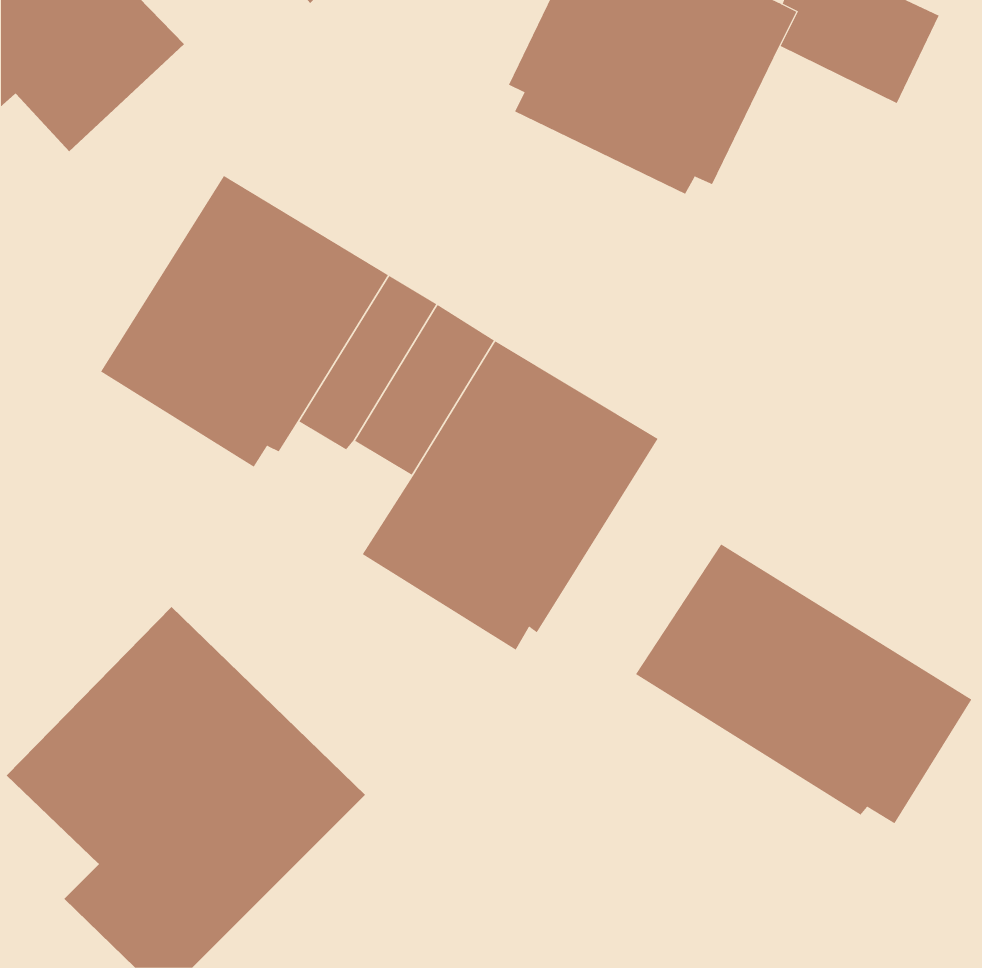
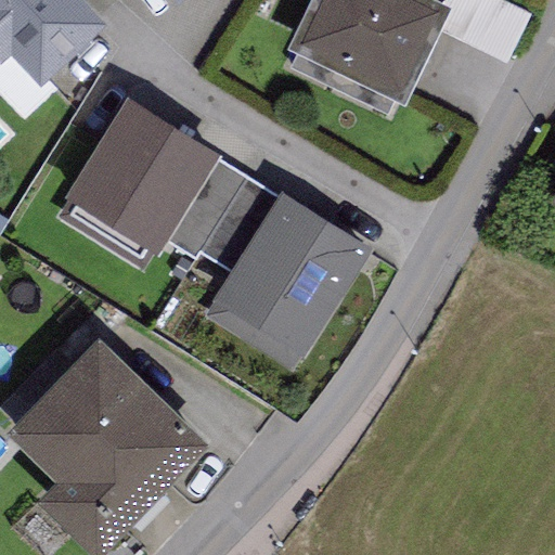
building: [635,543,972,824] -> none

